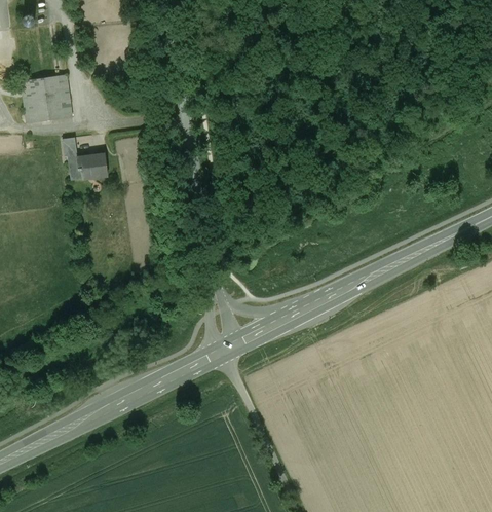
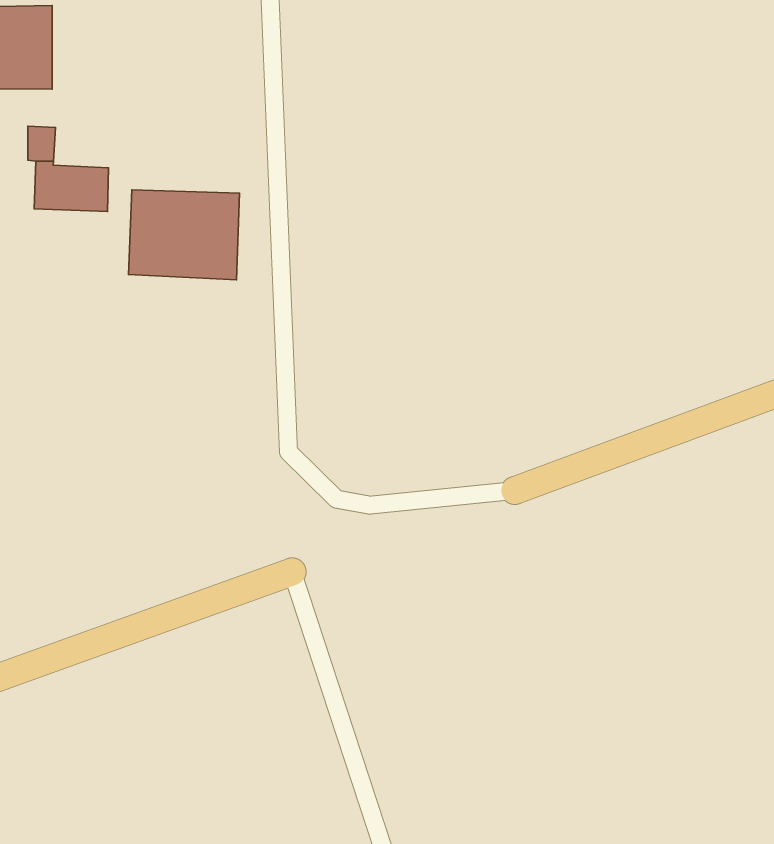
building: none -> [129,190,240,280]

